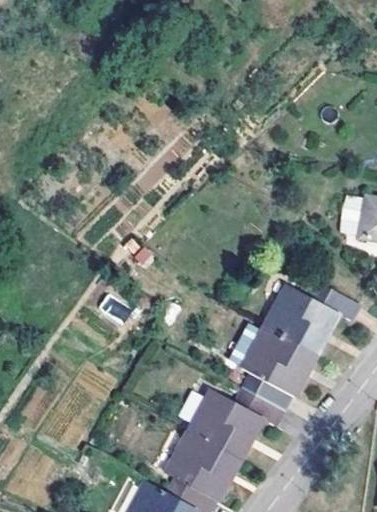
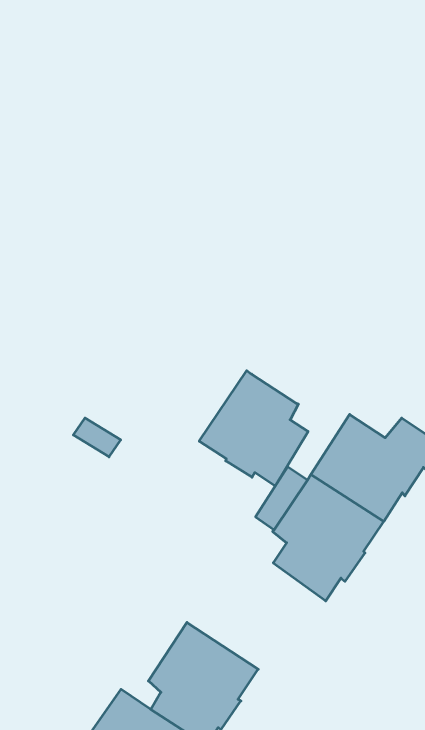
building: none -> [199,371,308,486]
building: [186,386,278,458] -> none

